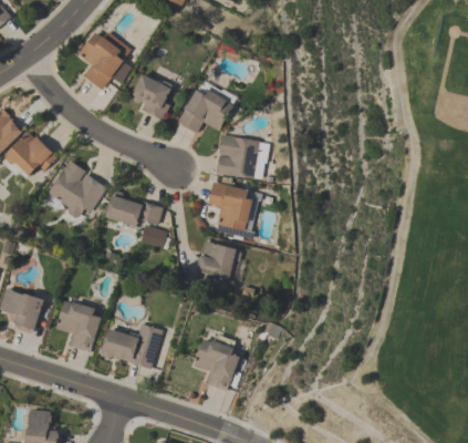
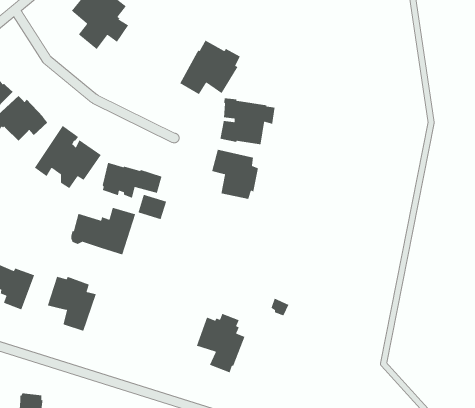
building: [131,64,176,120] -> none
building: [196,240,241,281] -> none
building: [102,322,163,368] -> [71,207,136,256]

